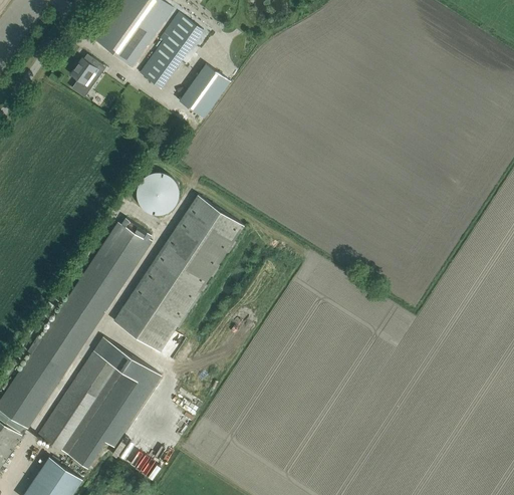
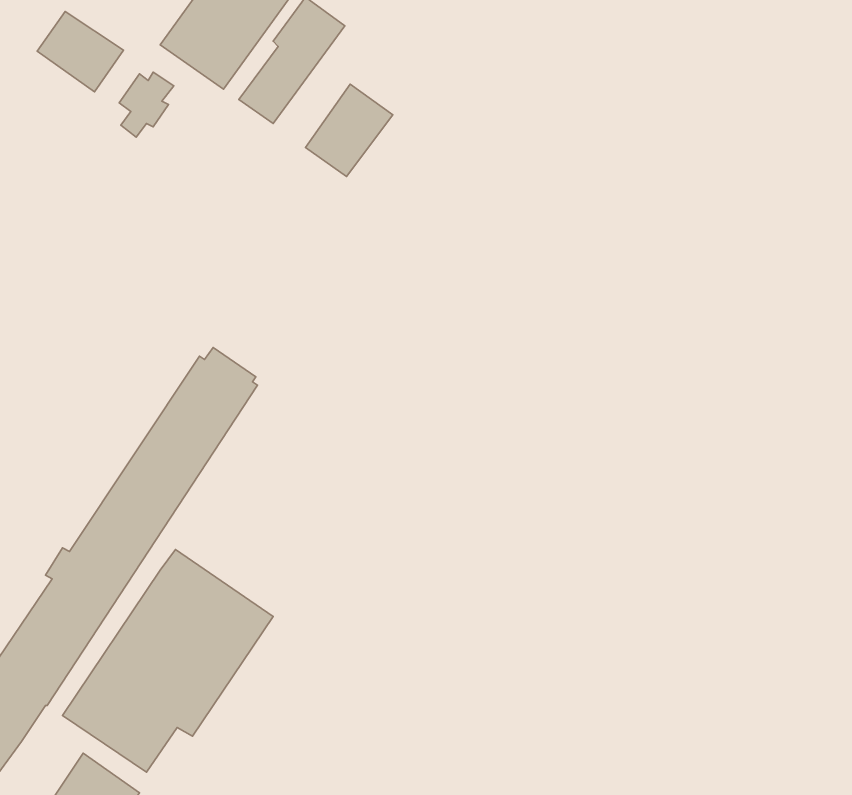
building: none -> [37,12,123,92]
building: [134,170,181,218] -> none
building: [113,195,245,352] -> none

